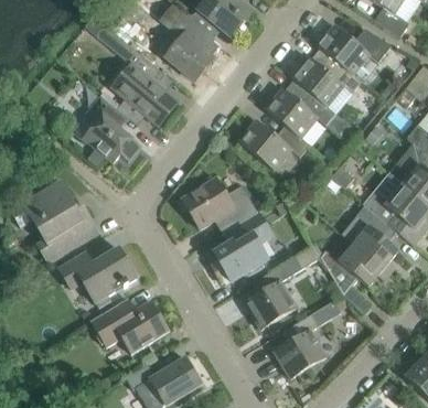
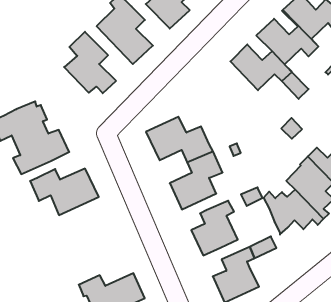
building: [238,109,309,170] -> none
building: [90,300,169,353] -> none

